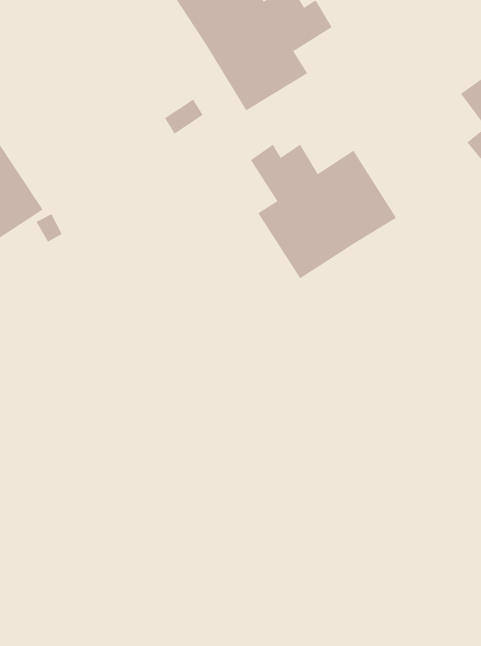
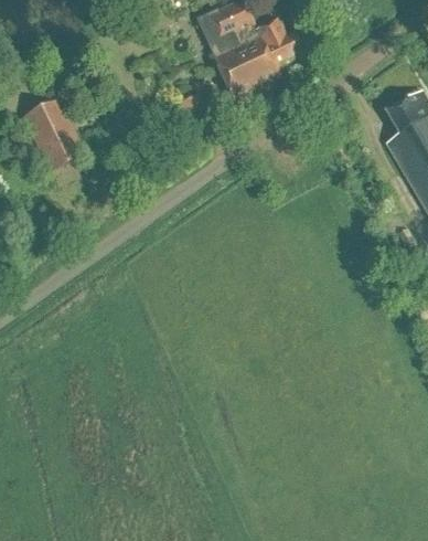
building: [250,144,397,279] -> none

